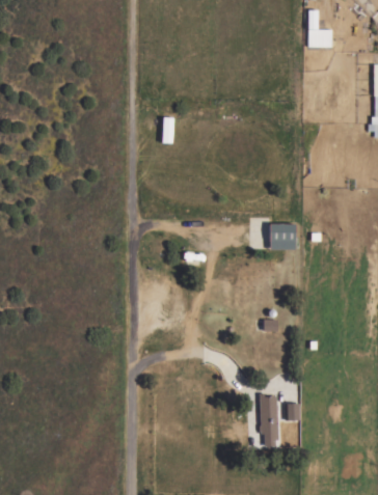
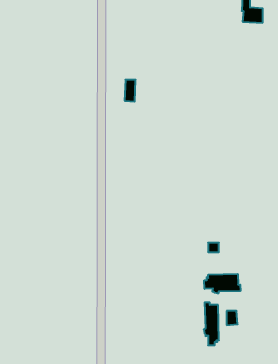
building: [270,223,296,249] -> none
building: none -> [204,274,240,294]

